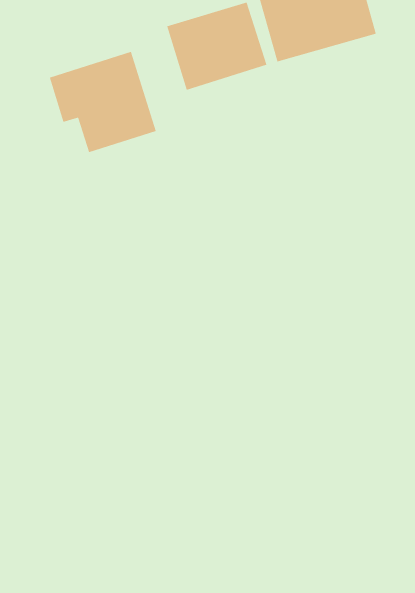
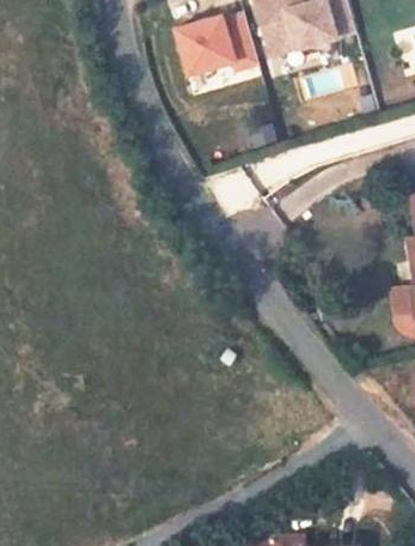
building: [49,51,157,153] -> none

